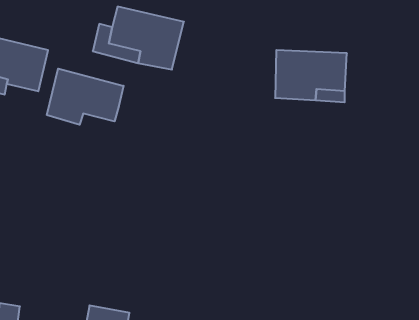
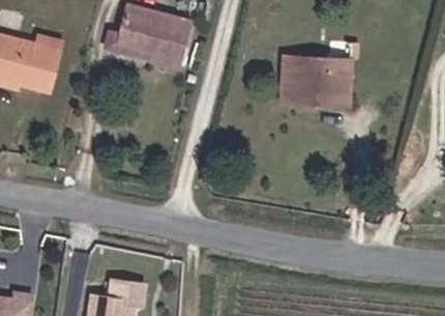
building: [47,69,124,125] -> none

